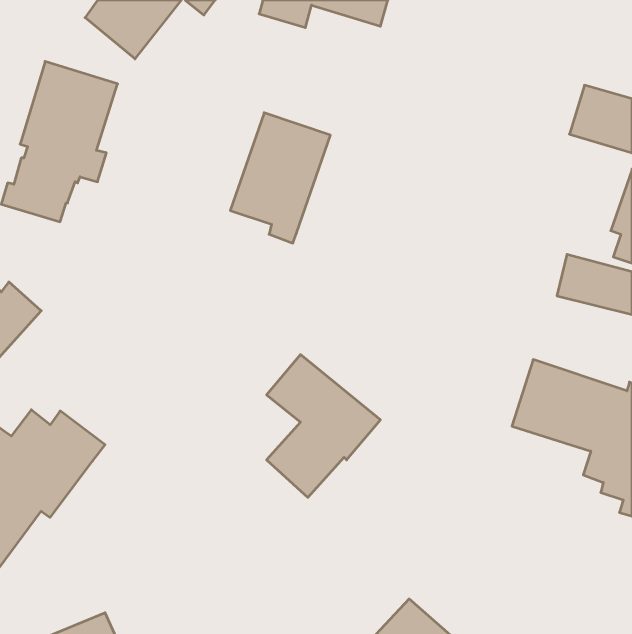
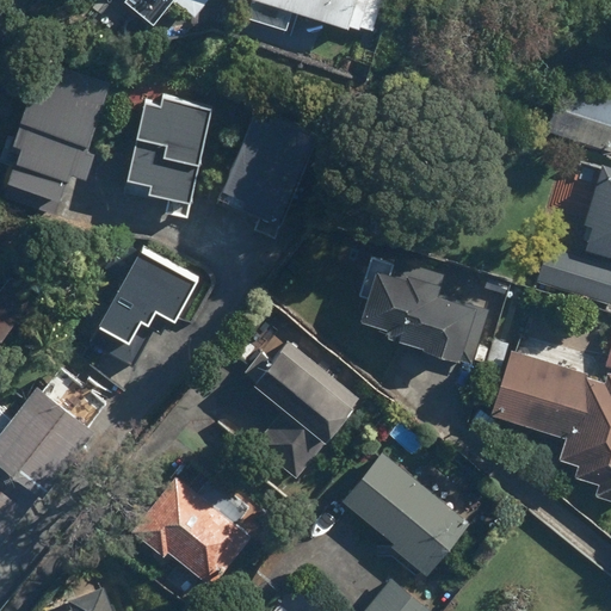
building: none -> [126,97,214,220]
building: none -> [84,243,193,363]
building: none -> [360,257,481,358]
building: none -> [340,451,469,573]
building: none -> [132,474,255,588]

